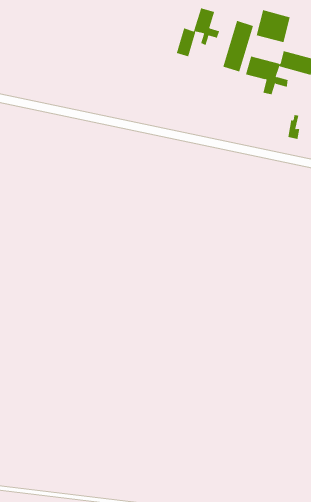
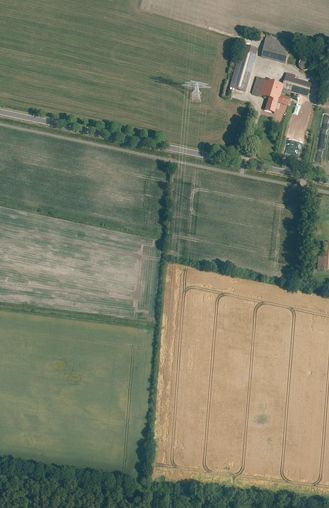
building: [176,8,220,57] -> none

